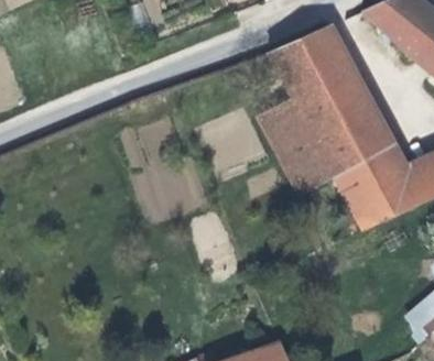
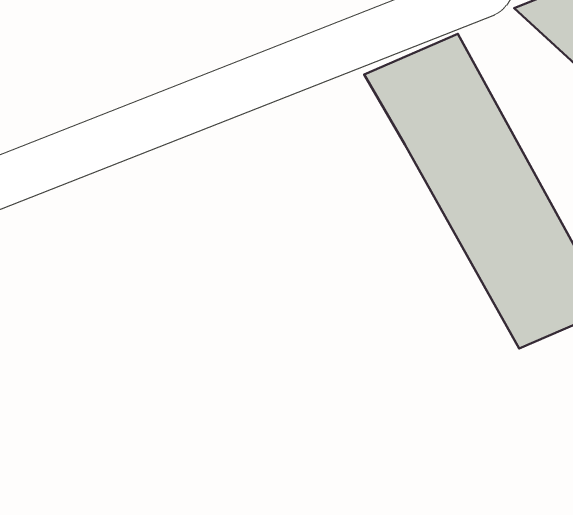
building: [257,97,334,192] -> none

